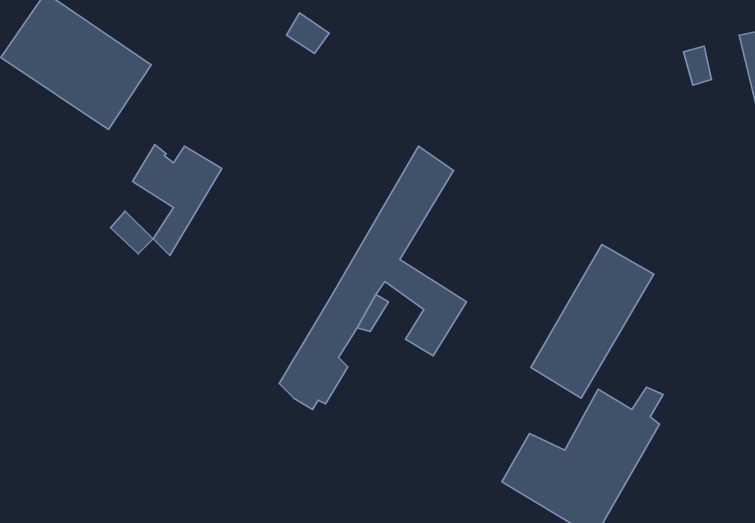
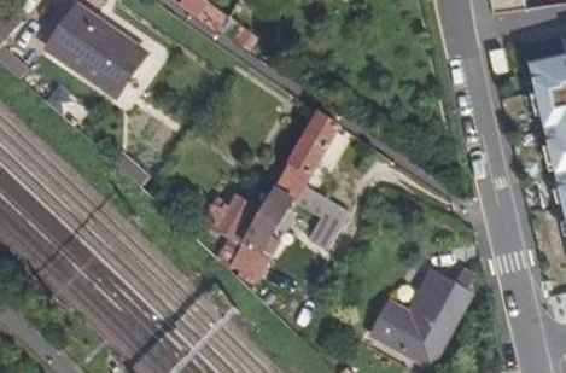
building: [133,144,222,256] -> [202,193,259,266]
building: [531,245,654,398] -> none

